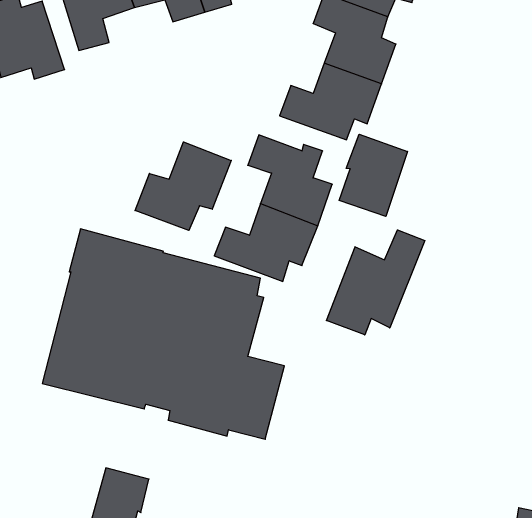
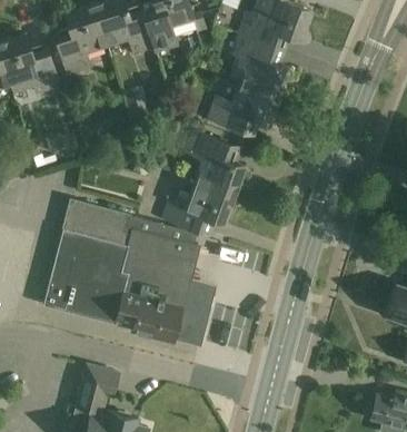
building: [339,134,407,216] -> none
building: [135,142,231,230] -> none
building: [326,230,425,335] -> none

